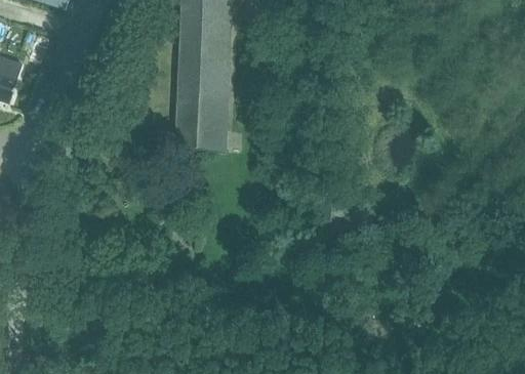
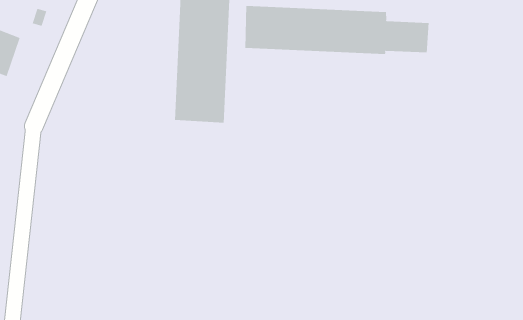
building: none -> [245,5,429,55]

